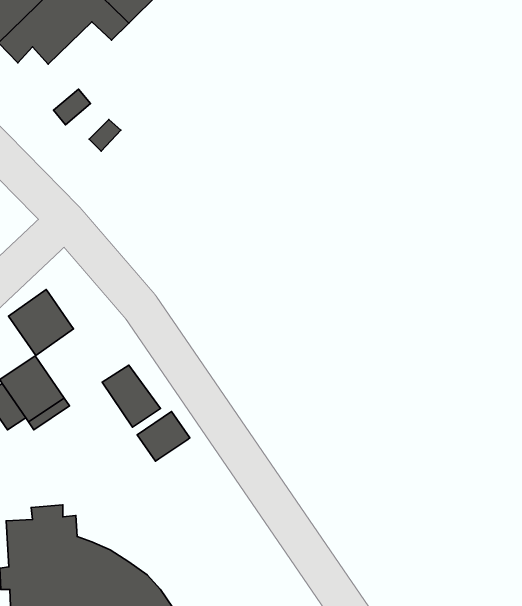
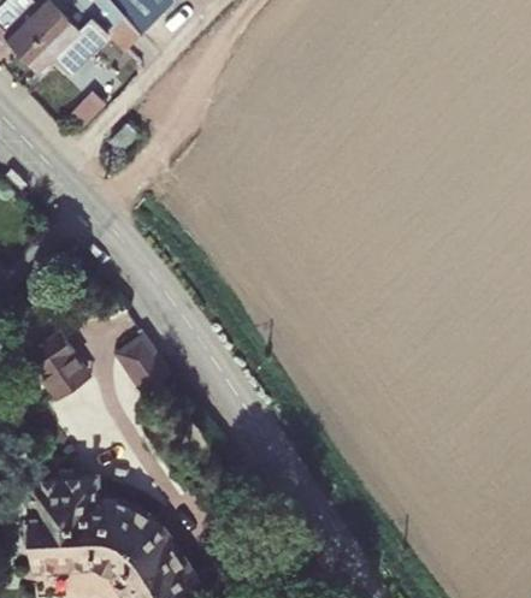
building: [9,289,73,356] -> none
building: [137,412,190,461] -> none

